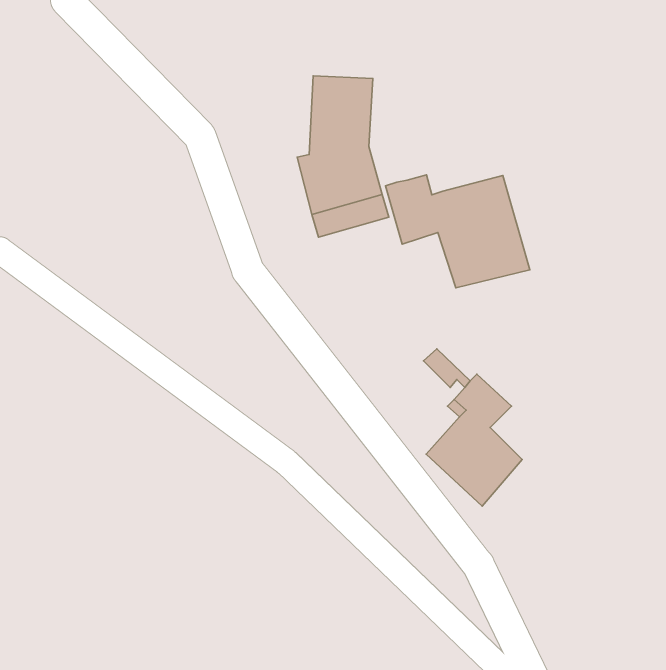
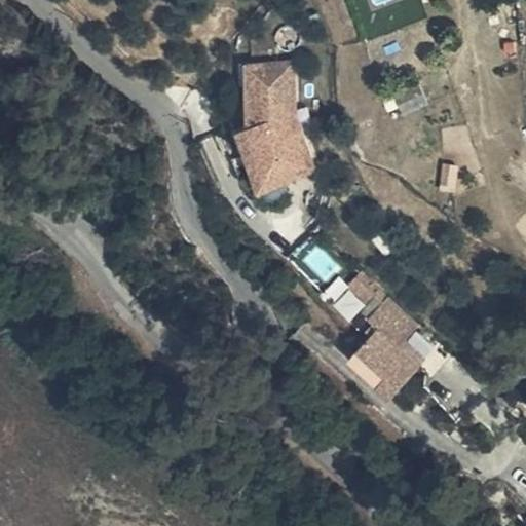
building: [386,175,530,288] -> none

